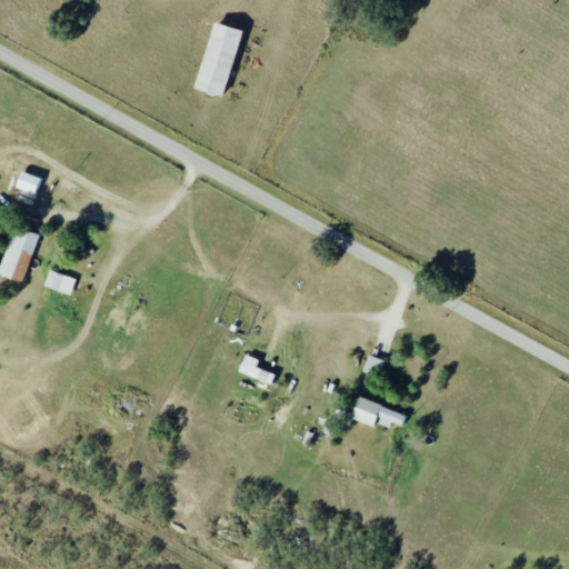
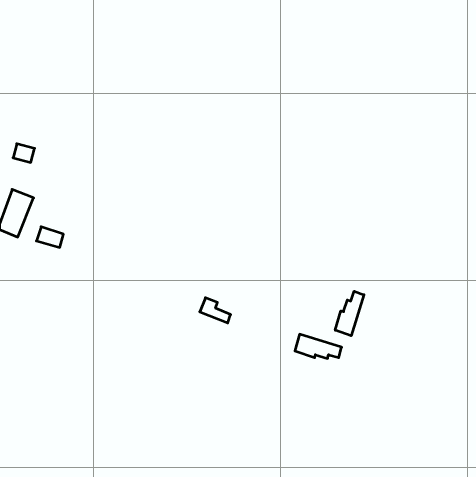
building: [194,21,242,97] -> none
building: none -> [335,291,364,336]

